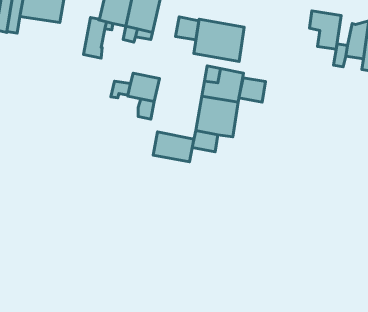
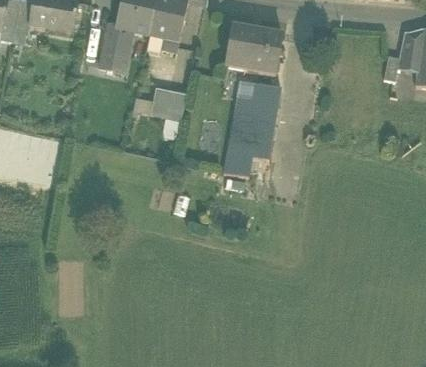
building: [309,11,341,49] -> none
building: [176,17,199,40] -> none
building: [239,78,265,102] -> none
building: [153,132,194,162] -> none

